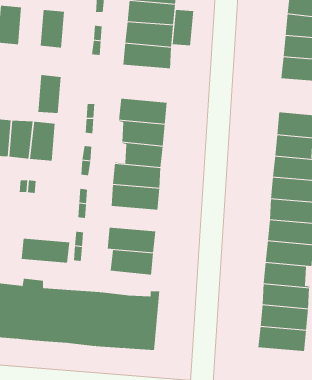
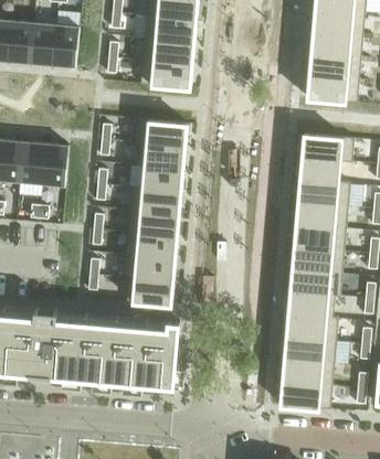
building: [172,9,194,46] -> none
building: [37,75,62,113] -> [31,24,56,65]
building: [21,238,70,263] -> [126,234,178,260]
building: none -> [281,383,332,410]

